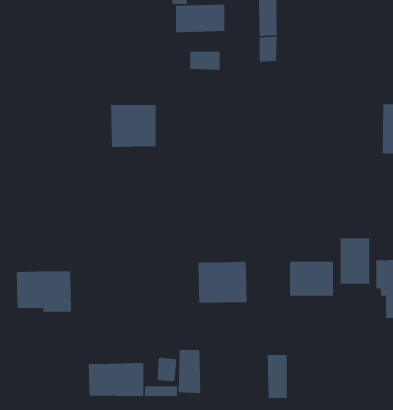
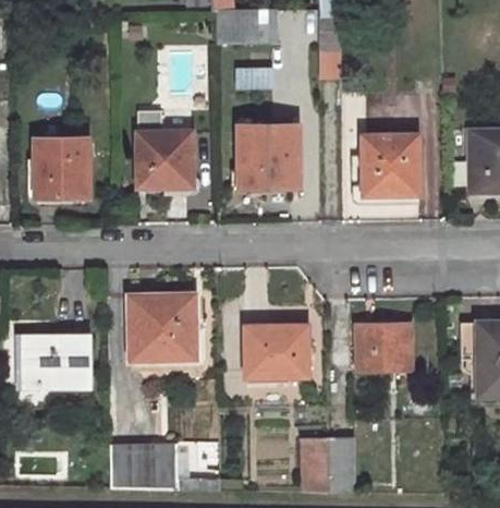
building: none -> [237,124,298,183]
building: none -> [363,133,416,193]
building: none -> [35,140,89,197]
building: none -> [131,294,196,359]
building: [340,237,370,285] -> none
building: [178,349,201,394] -> [302,438,330,493]

